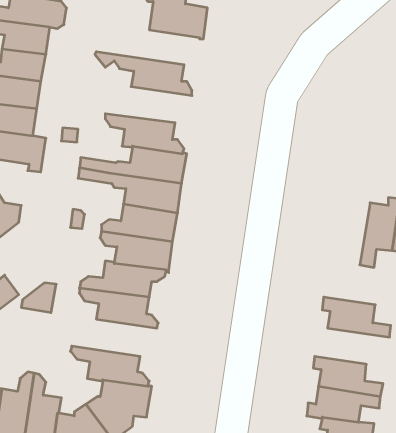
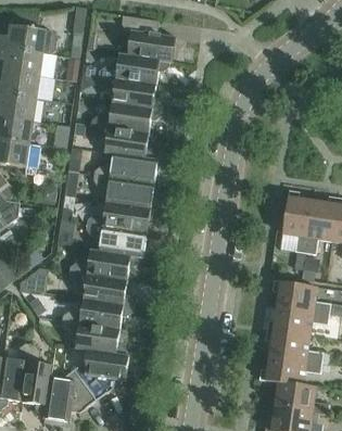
building: none -> [83,53,169,84]
building: none -> [90,102,163,132]
building: none -> [282,190,319,272]
building: none -> [62,297,134,329]
building: none -> [266,305,329,335]

